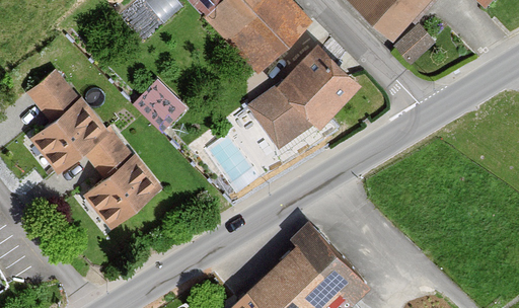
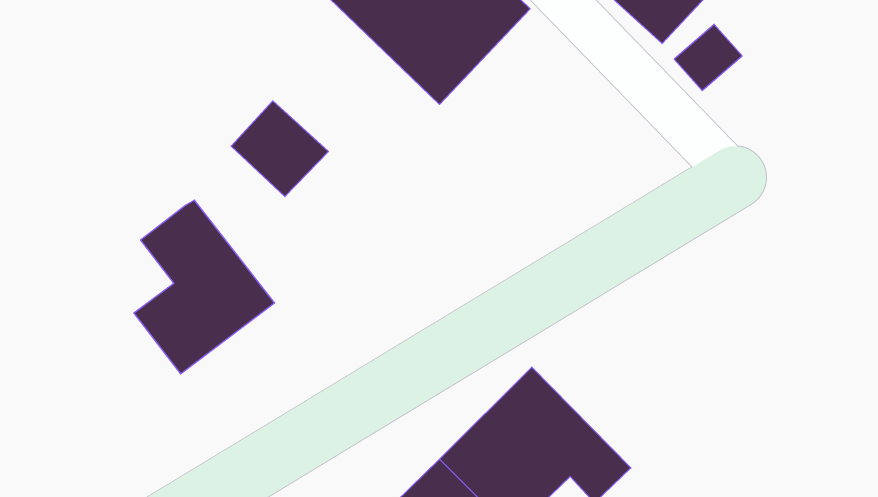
building: [247,44,355,150] -> none
building: [28,72,112,174] -> none

